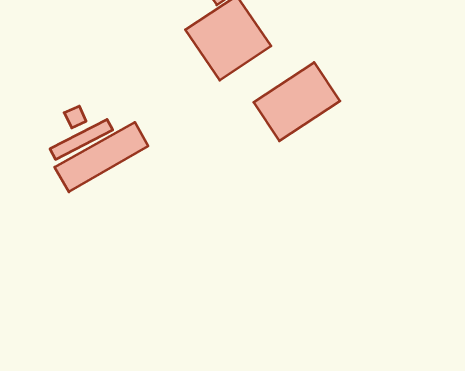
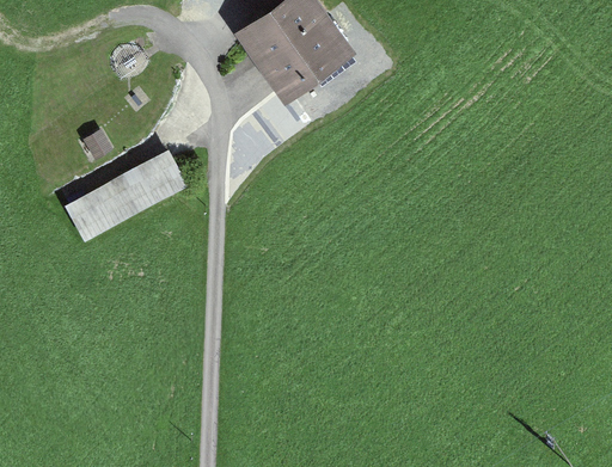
building: [254,62,340,141] -> none

